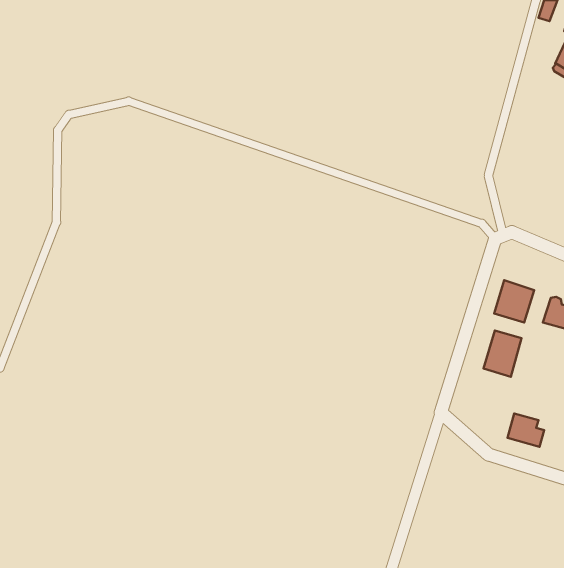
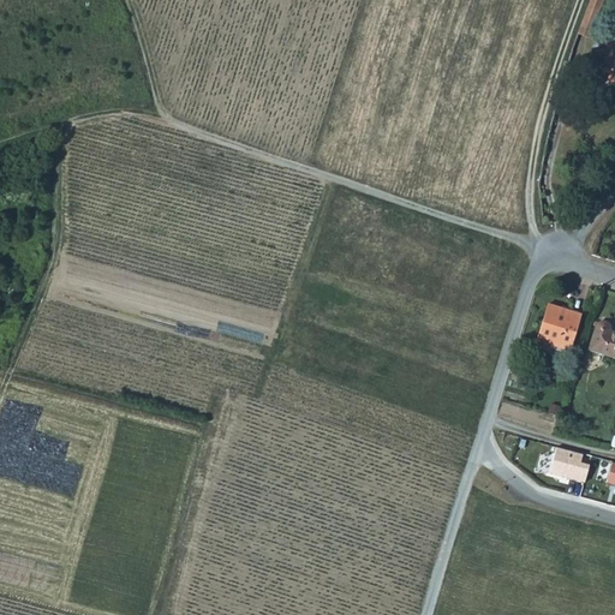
building: [483,330,522,377] -> none

